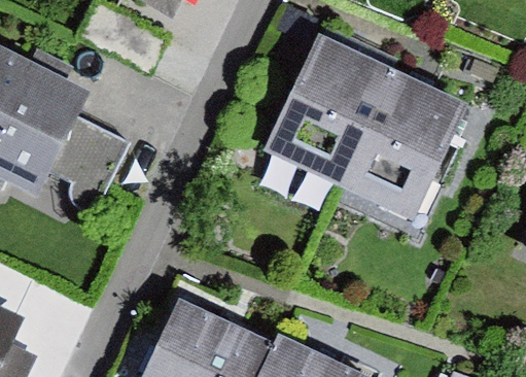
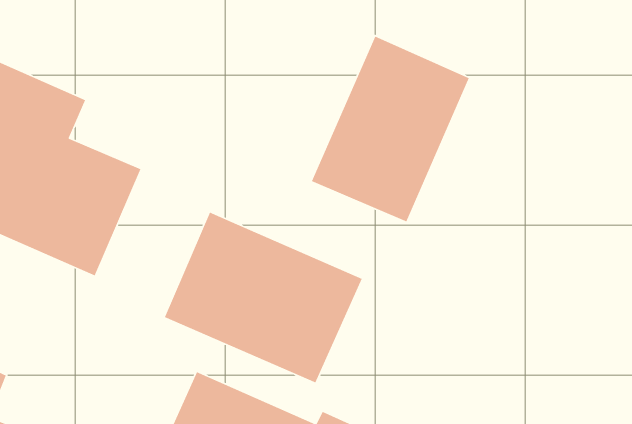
building: [340,67,467,217] -> none
building: none -> [164,211,363,384]

